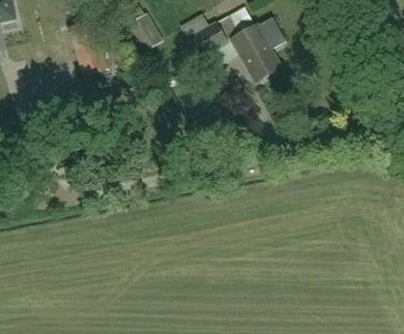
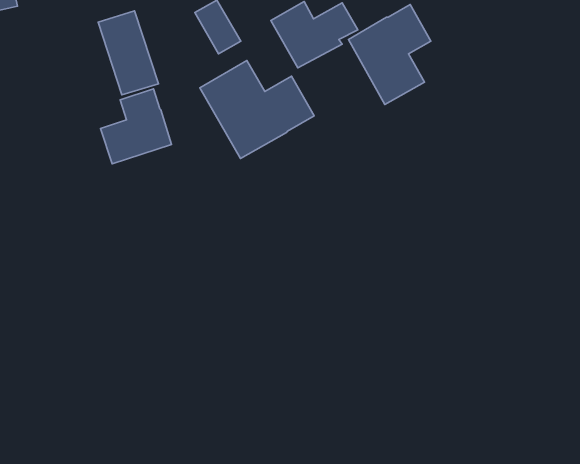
building: none -> [200,61,314,158]
building: none -> [100,89,172,164]

